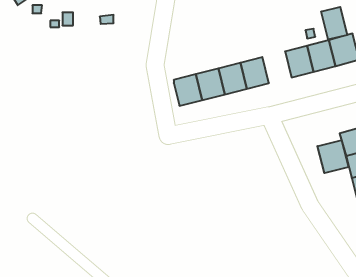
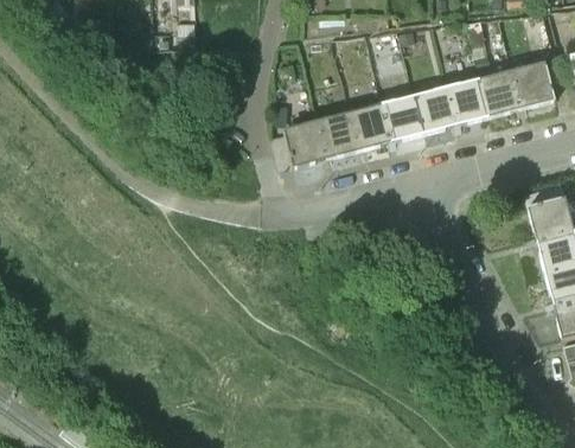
building: [321,7,347,40] -> none
building: none -> [415,87,458,133]
building: [317,140,348,173] -> none

